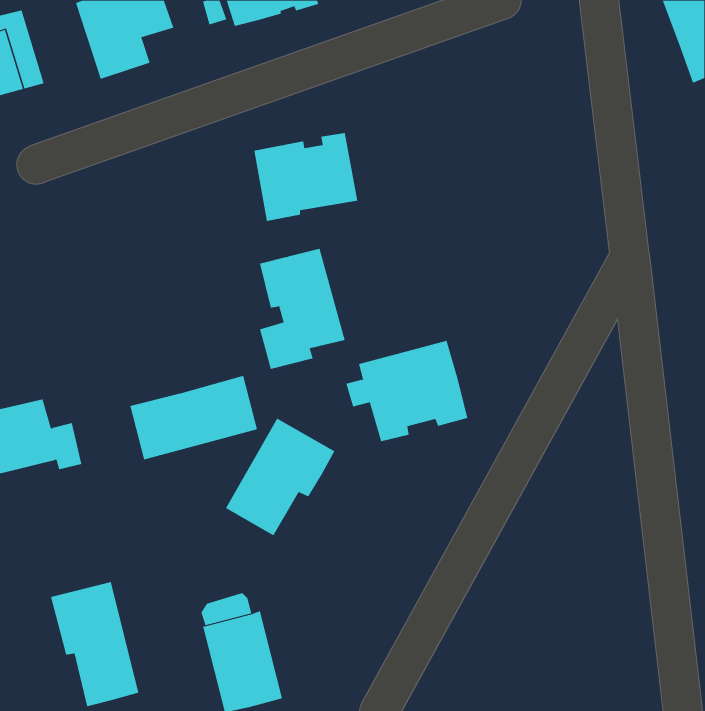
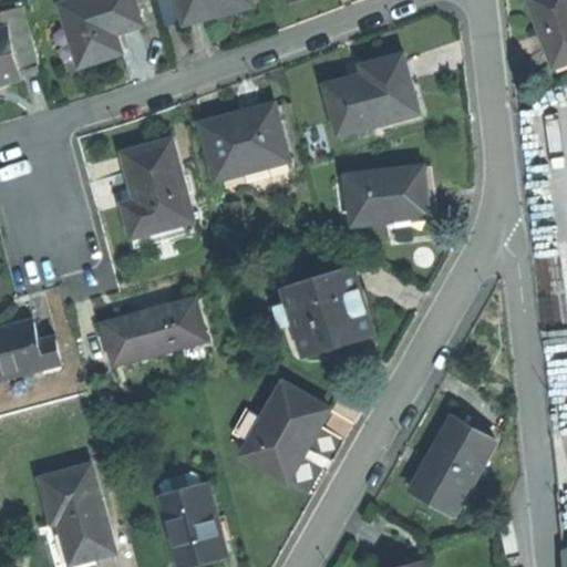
building: none -> [328,53,419,133]
building: none -> [348,166,429,224]
building: [259,248,345,370] -> [122,140,190,236]
building: [225,418,335,536] -> [241,383,329,477]
building: none -> [409,419,493,516]

